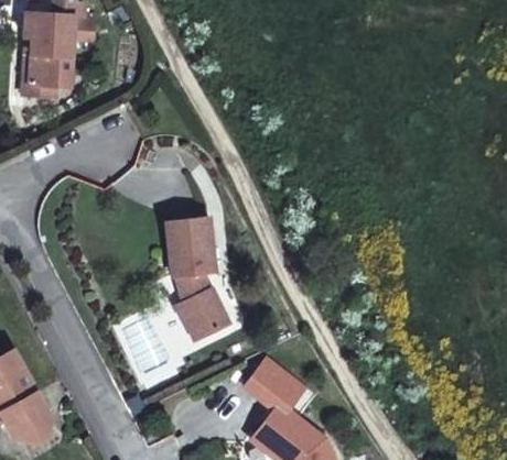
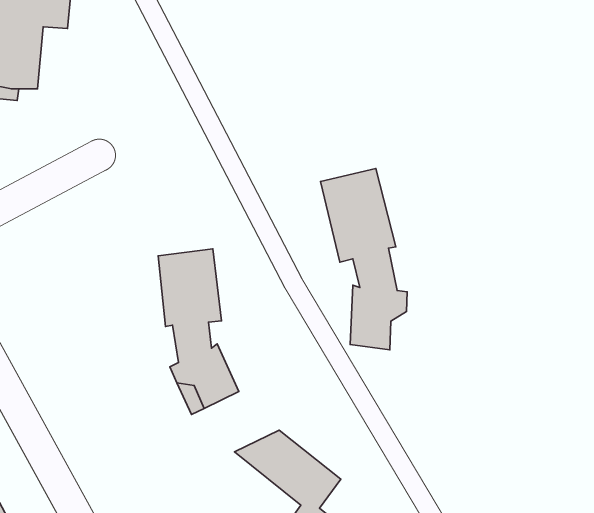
building: none -> [320,168,407,350]

